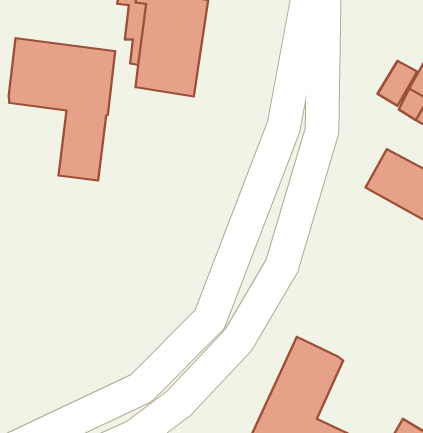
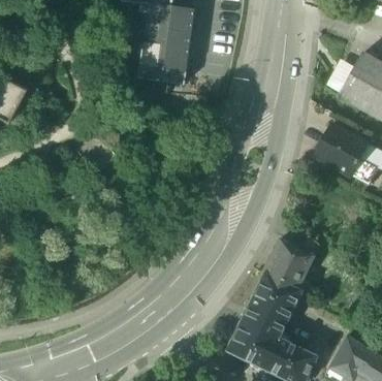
building: [9,38,115,181] -> none
building: none -> [264,235,321,287]

